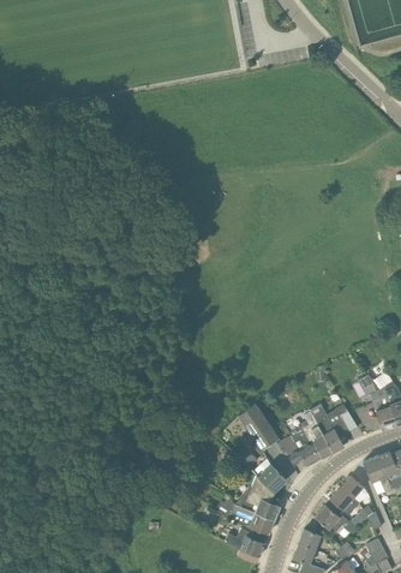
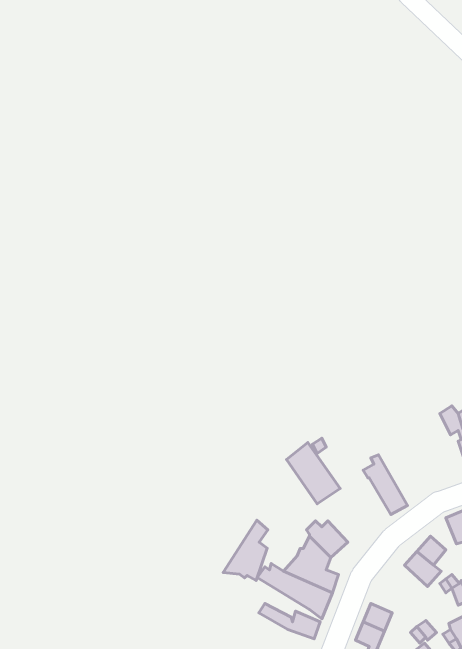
building: [310,402,358,452] -> none
building: [281,430,321,466] -> none
building: none -> [223,520,268,580]
building: [316,505,358,533] -> none

